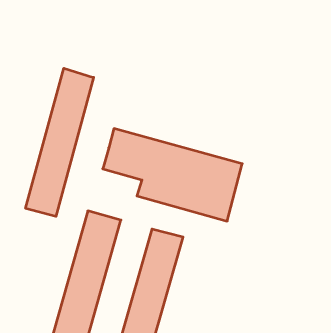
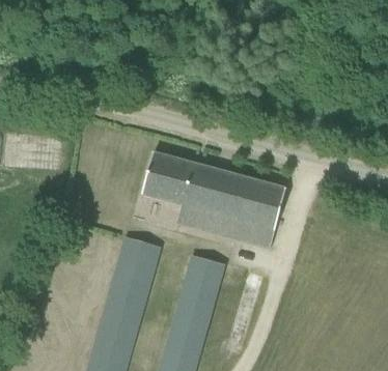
building: [26,68,94,216] -> none

